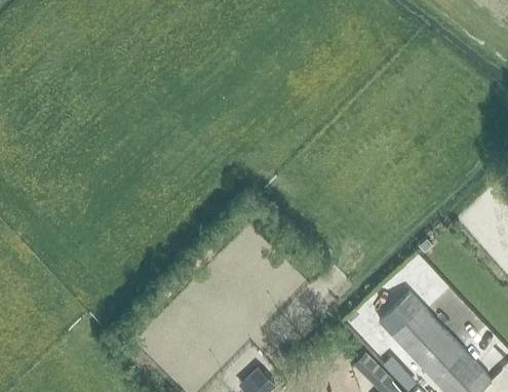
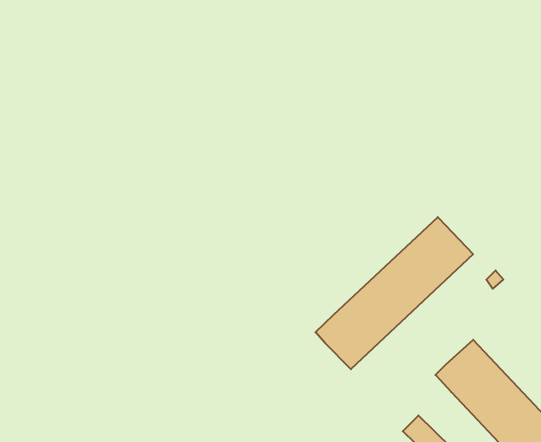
building: none -> [315,217,473,369]

